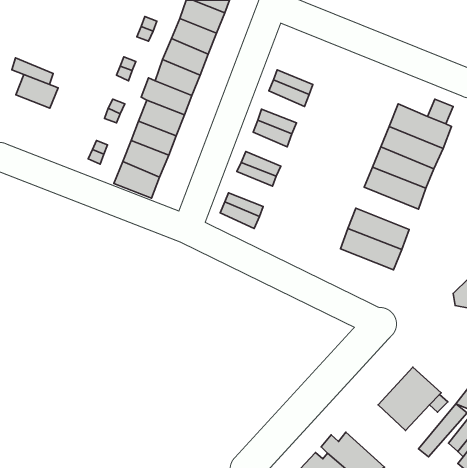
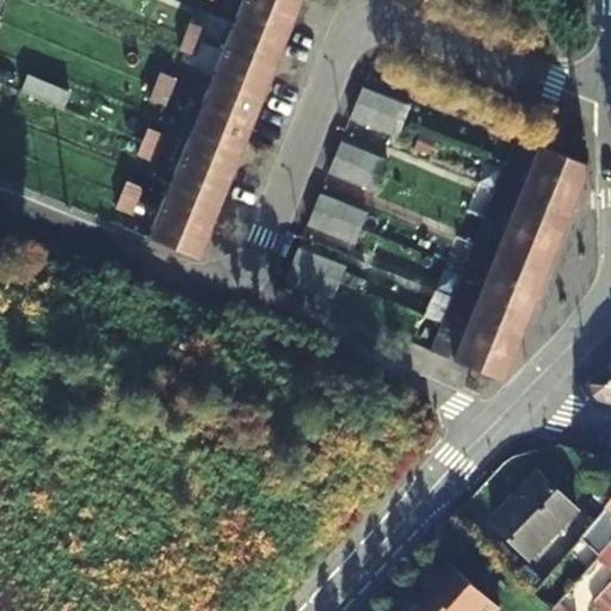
building: [16,74,58,108] -> none
building: none -> [465,245,547,300]
building: none -> [433,325,514,381]

